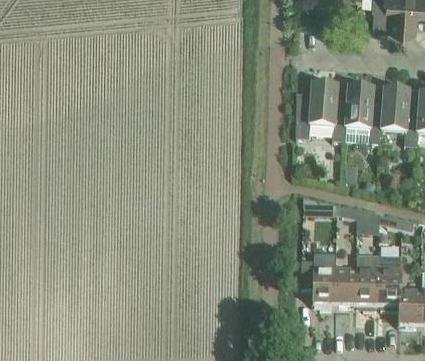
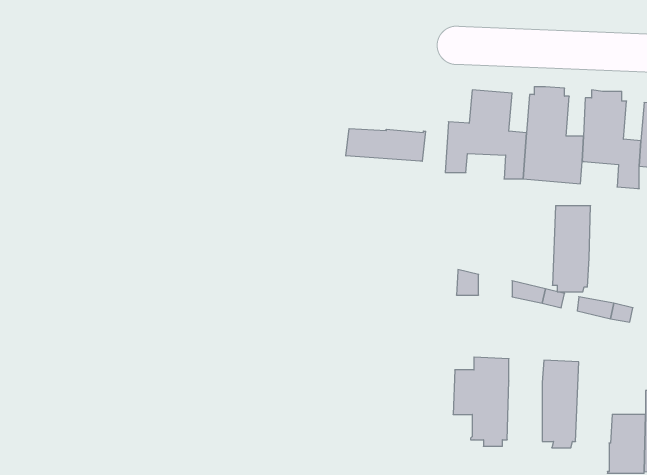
building: none -> [346,129,426,161]
building: [378,256,402,310] -> [552,206,591,292]
building: [335,268,357,306] -> none

